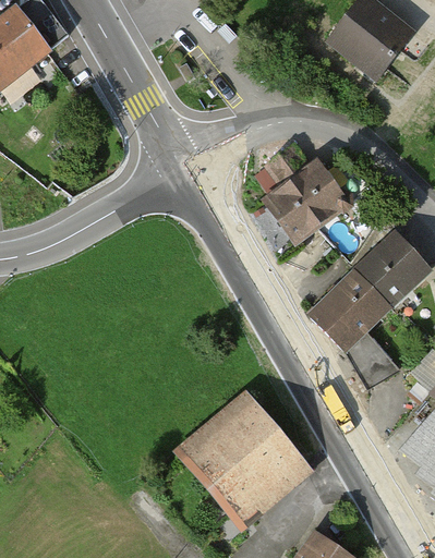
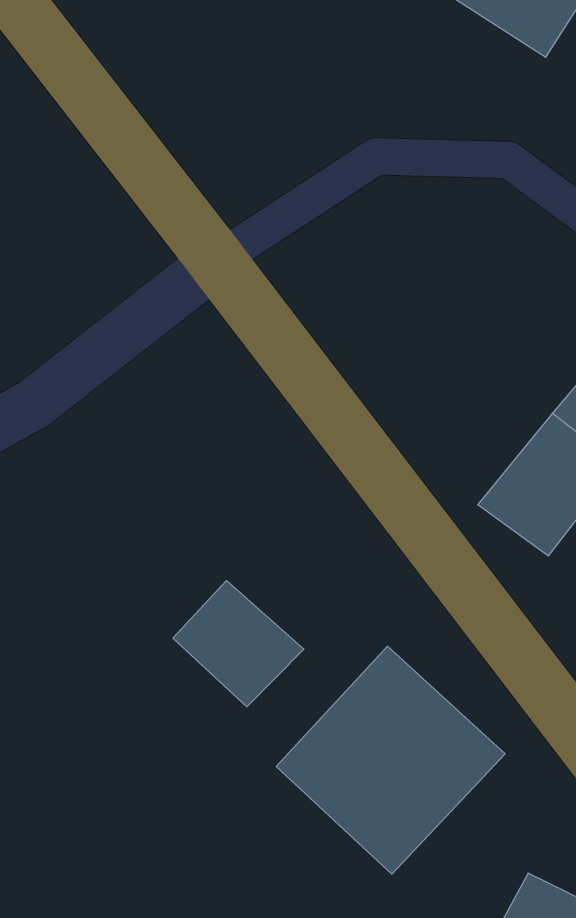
building: [256,150,351,245] -> none
building: none -> [173,581,304,707]

